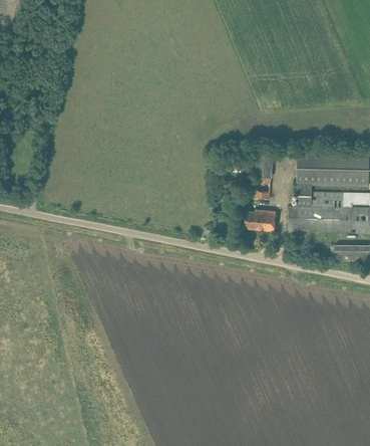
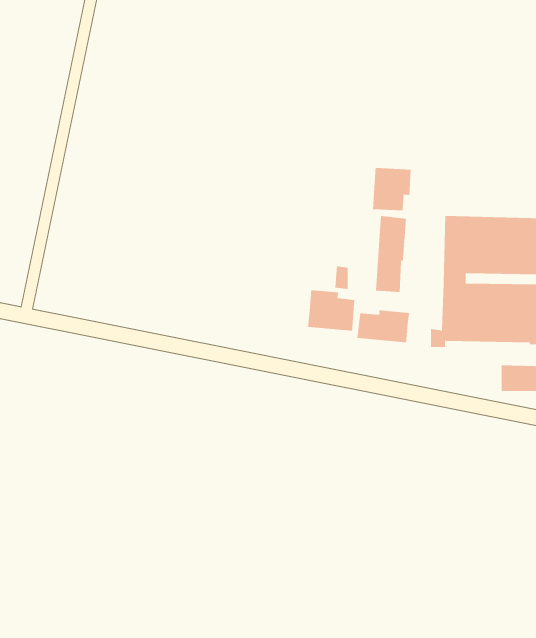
building: none -> [373,167,411,211]
building: none -> [308,289,355,332]

